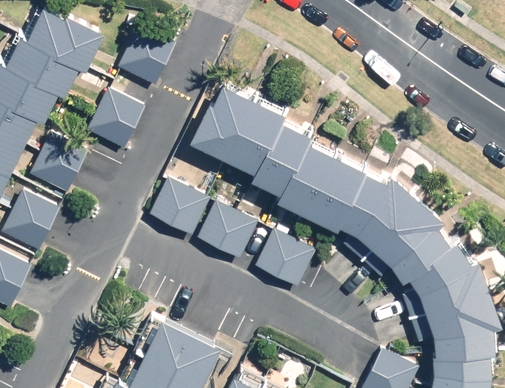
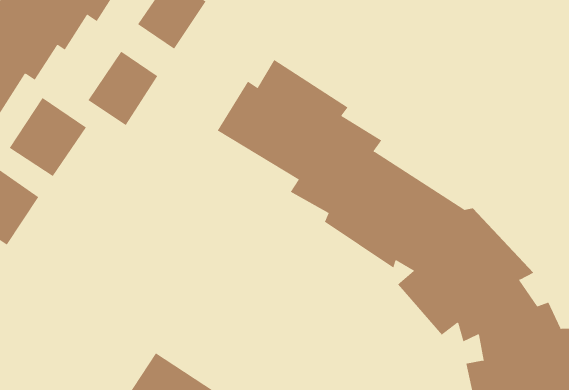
building: [150,181,209,237] -> none
building: [197,204,257,261] -> none
building: [255,233,315,290] -> none

